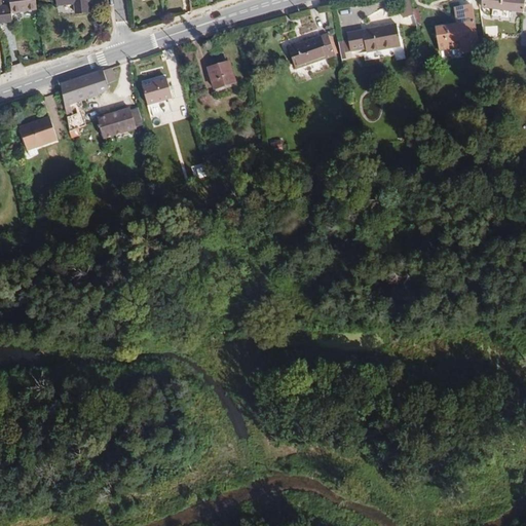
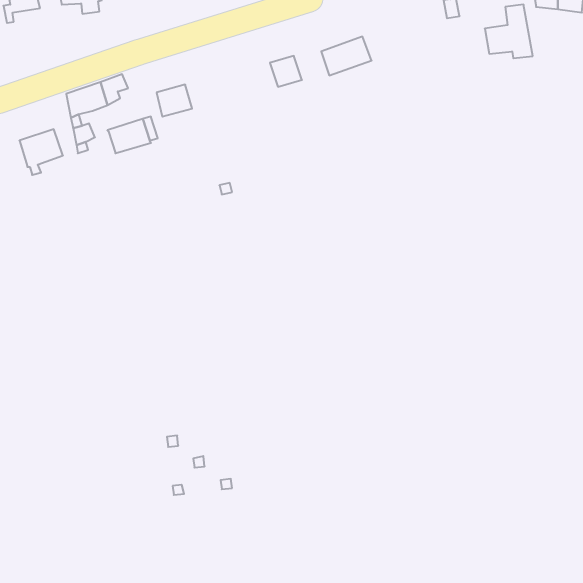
building: [348,23,400,51] -> none
building: [206,61,235,88] -> [270,56,302,87]

